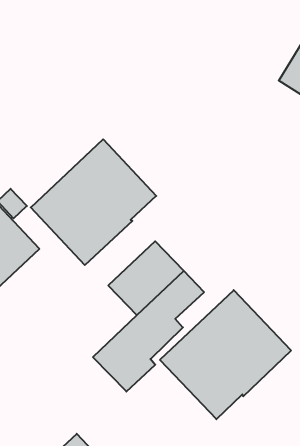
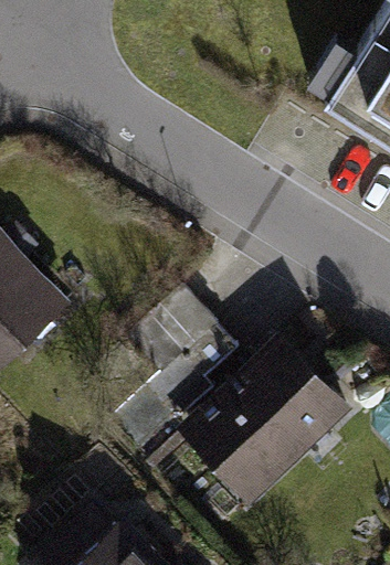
building: [31,139,156,265] -> none

